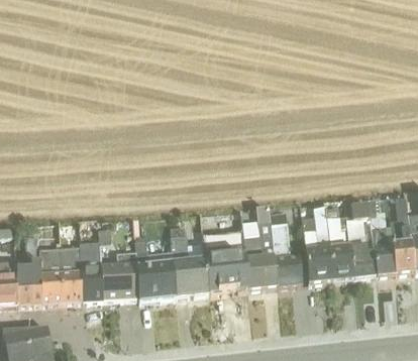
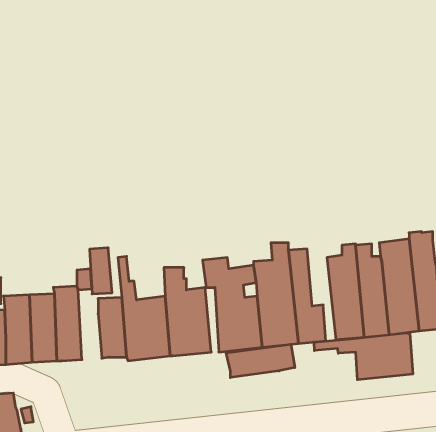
building: [101,263,119,300] -> [90,248,112,294]
building: none -> [314,333,413,380]
building: none -> [226,344,295,378]

